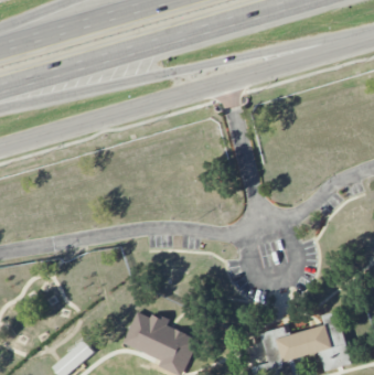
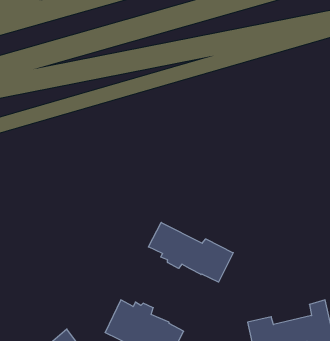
building: none -> [148,222,233,282]

